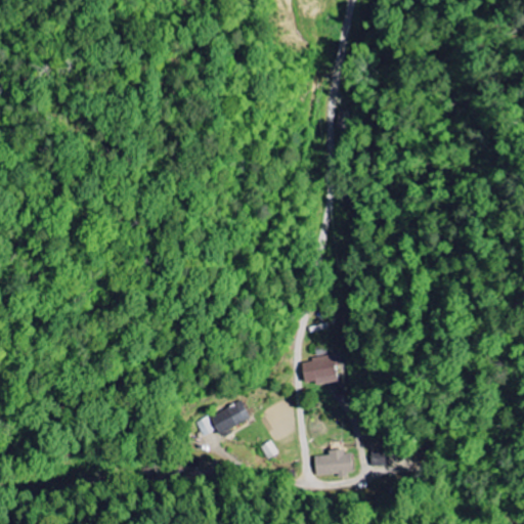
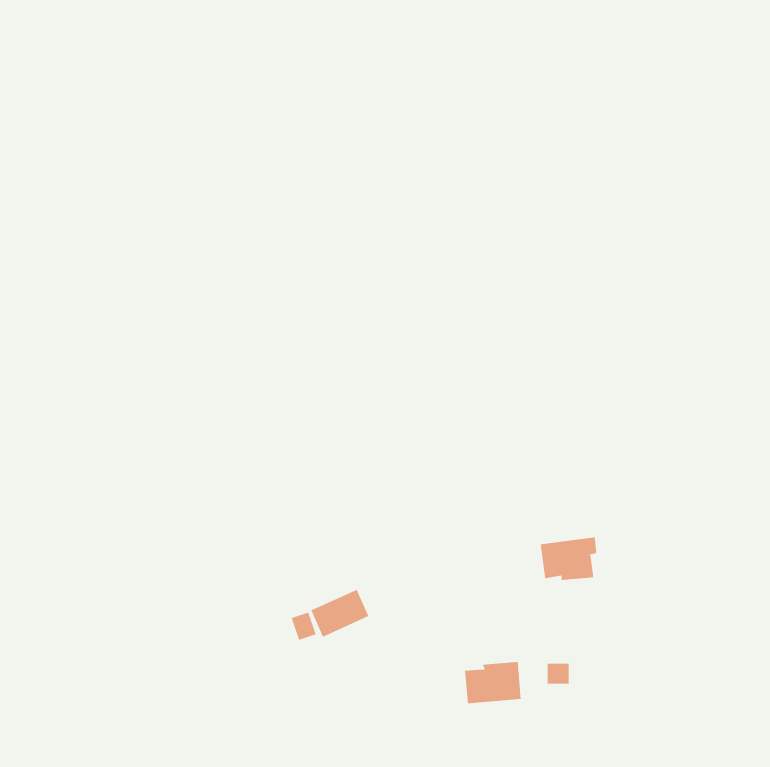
building: [302,354,341,384] -> [540,537,597,580]

